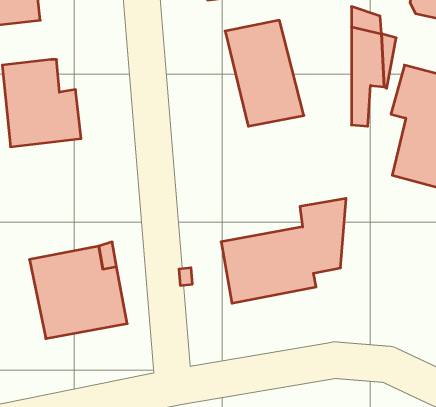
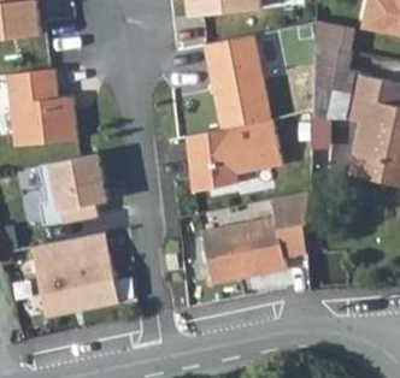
building: none -> [187,118,283,190]
building: none -> [36,153,104,224]

